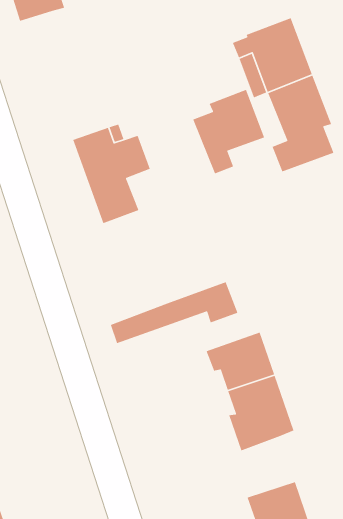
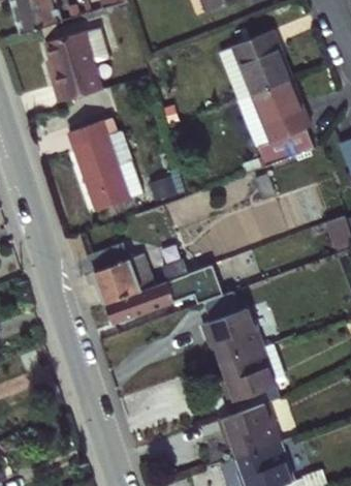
building: none -> [46,33,104,105]
building: [192,89,265,175] -> none
building: none -> [90,243,157,303]
building: none -> [210,404,274,459]

